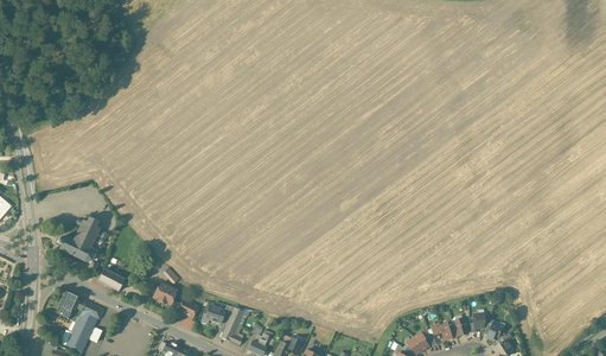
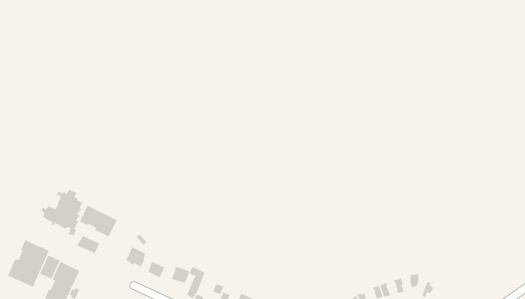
building: none -> [79,205,118,238]
building: none -> [7,240,49,288]

